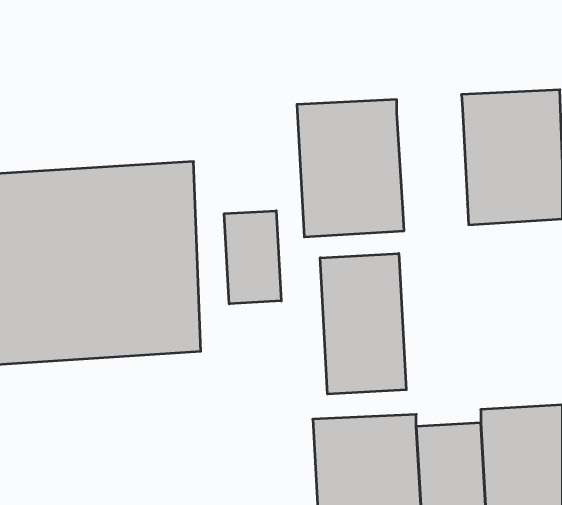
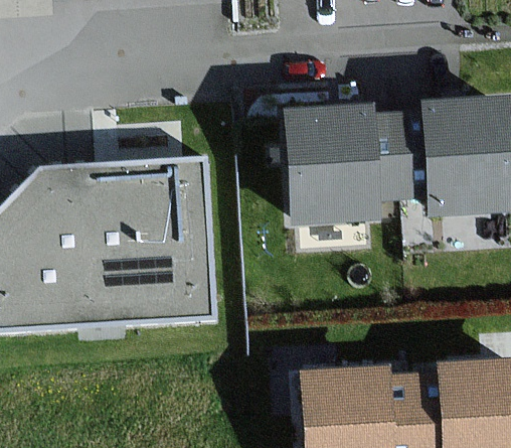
building: none -> [371,116,430,197]
building: [224,211,281,304] -> none
building: [320,253,406,394] -> none

